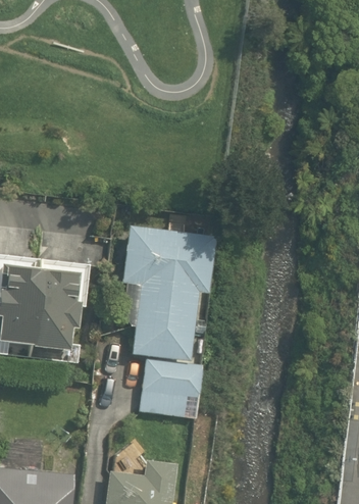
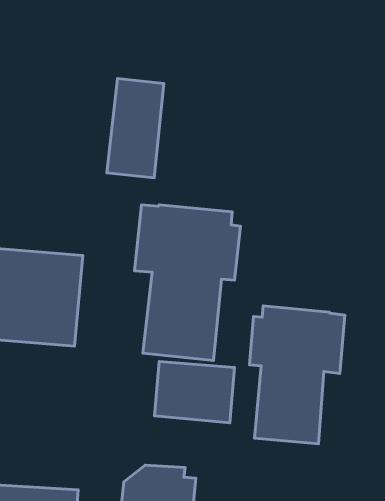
building: none -> [107,79,164,178]
building: none -> [249,306,345,444]

